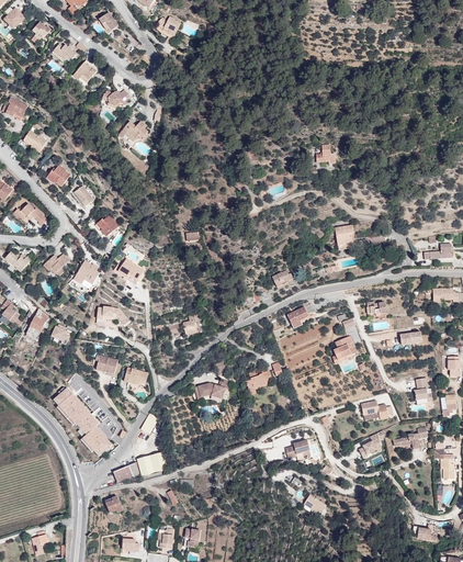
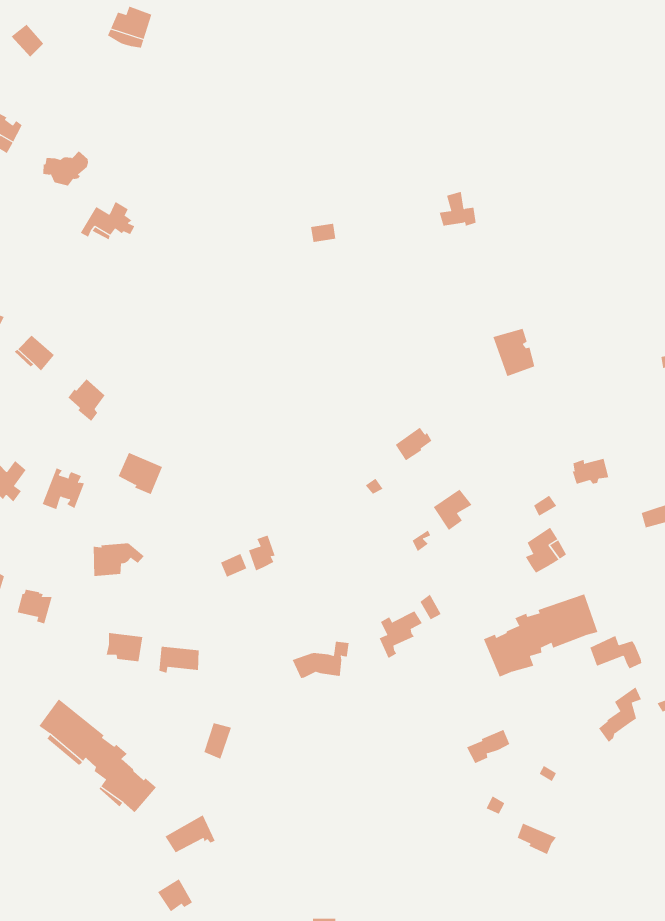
building: none -> [483,593,598,677]
building: [137,451,169,476] -> none

